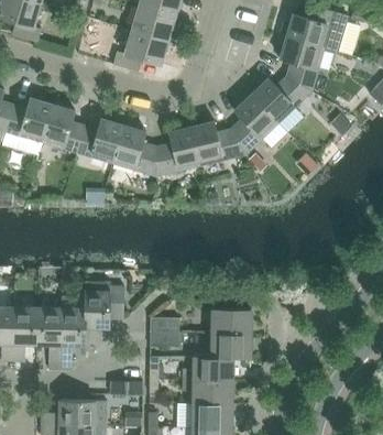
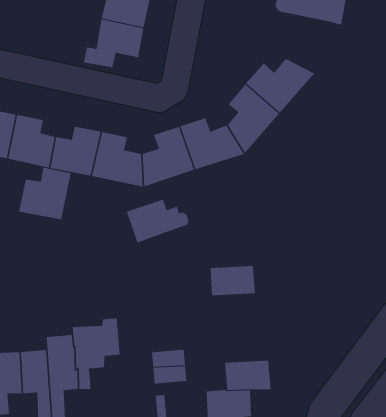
building: [278,36,324,91] -> none
building: none -> [19,167,71,220]
building: none -> [126,199,189,244]
building: [211,308,250,334] -> [210,265,256,296]

